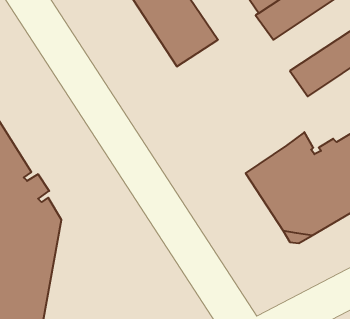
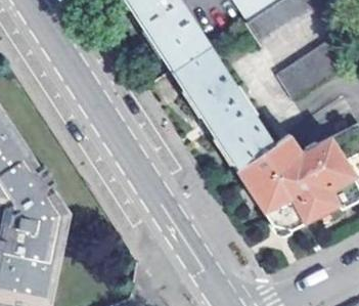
building: none -> [172,46,273,169]

